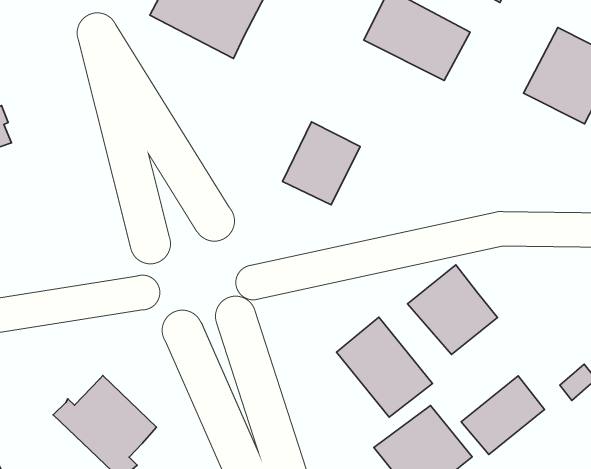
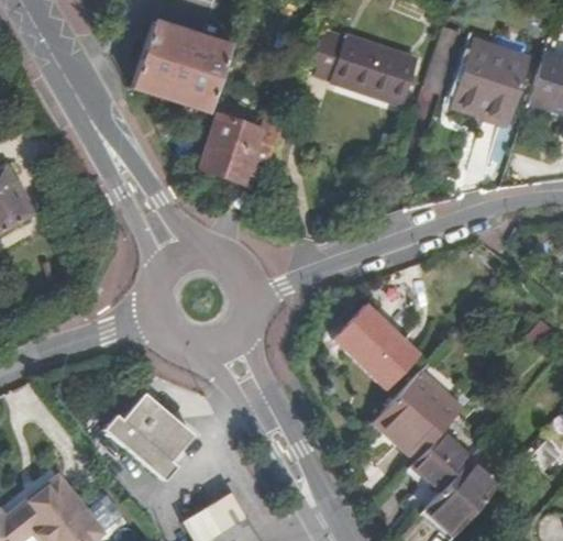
building: [282,122,360,205] -> [199,112,260,179]
building: [408,265,498,354] -> none
building: [461,376,545,454] -> none

